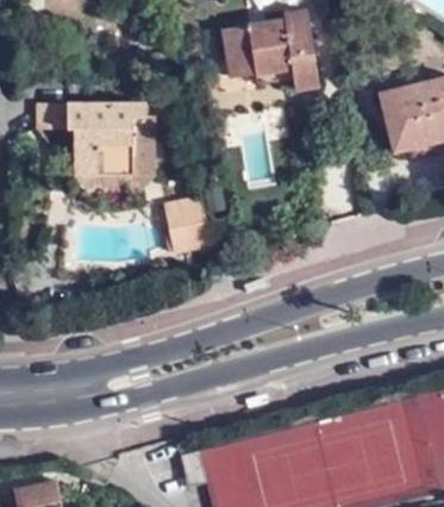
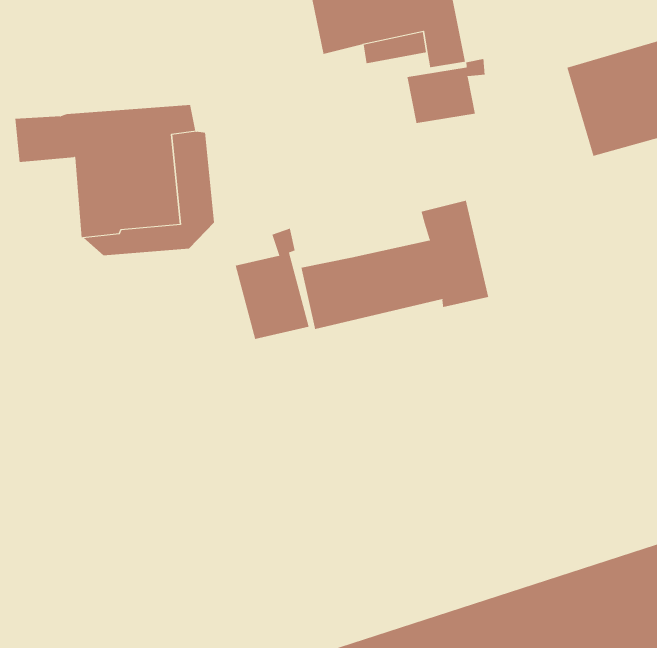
building: none -> [407,58,485,124]
building: none -> [301,200,489,330]

